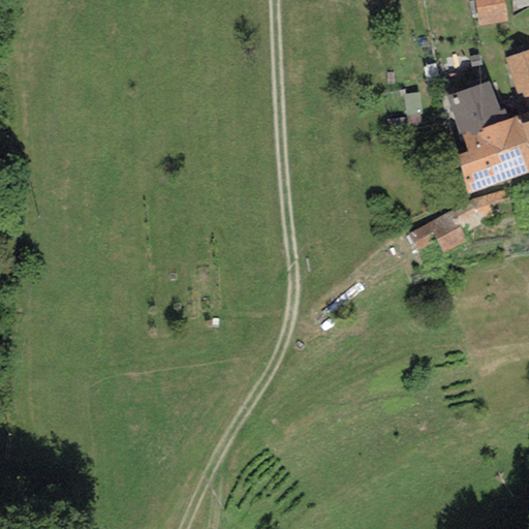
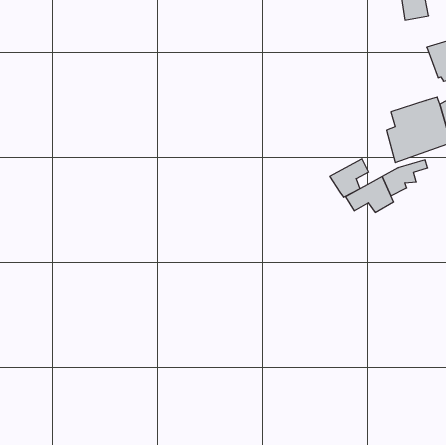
building: [446,81,504,133] -> none
building: none -> [330,159,368,197]

